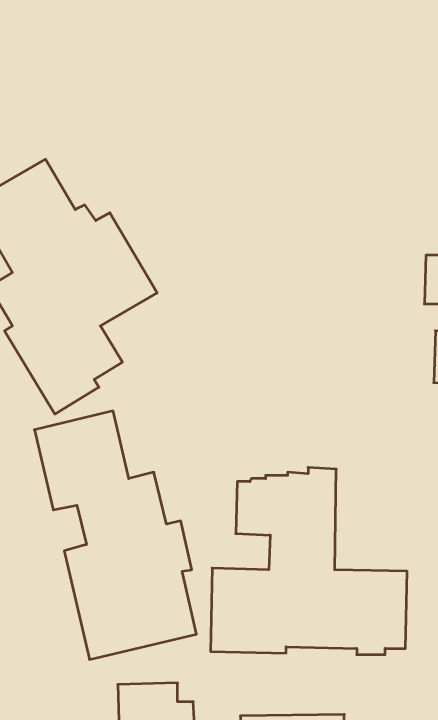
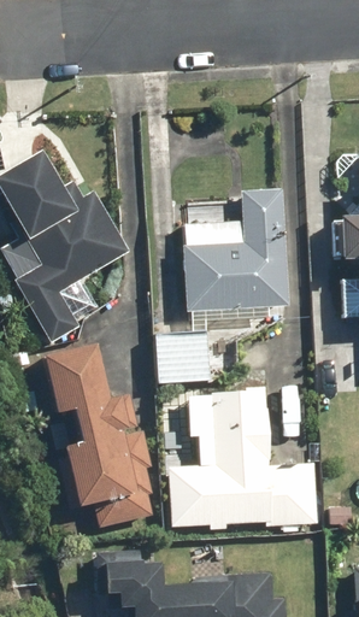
building: none -> [158,189,286,382]

